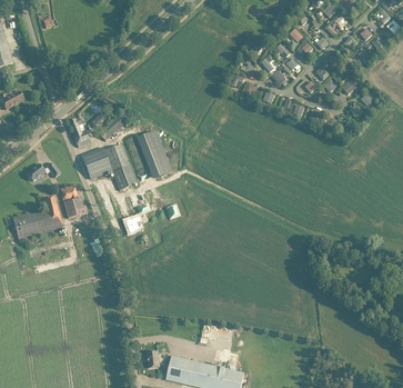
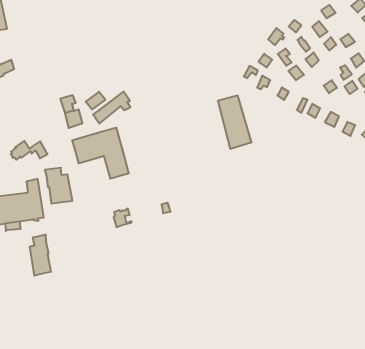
building: [137,130,171,179] -> [218,96,252,149]
building: none -> [30,234,51,276]

